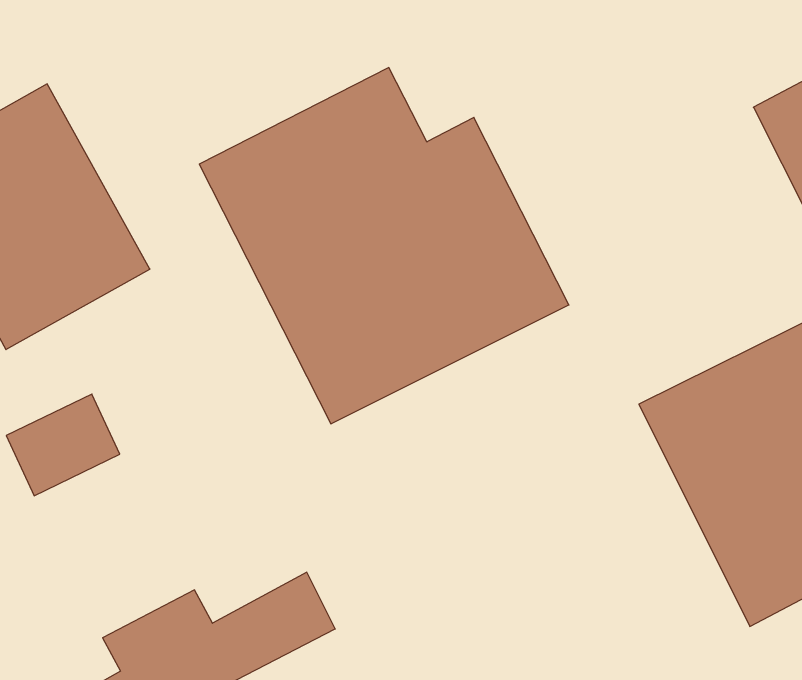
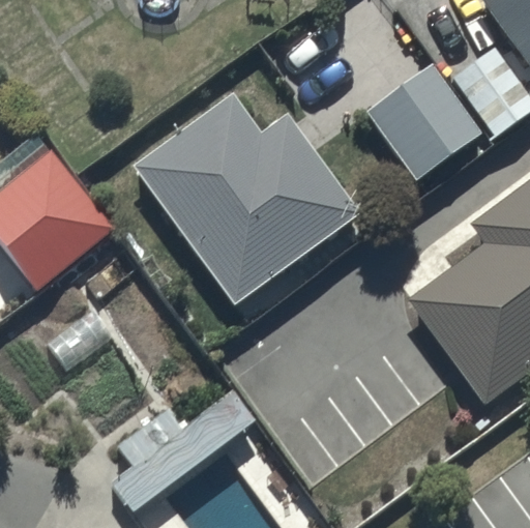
building: none -> [367,67,478,180]

